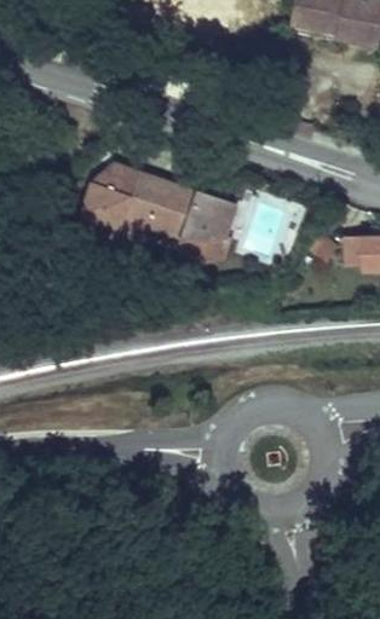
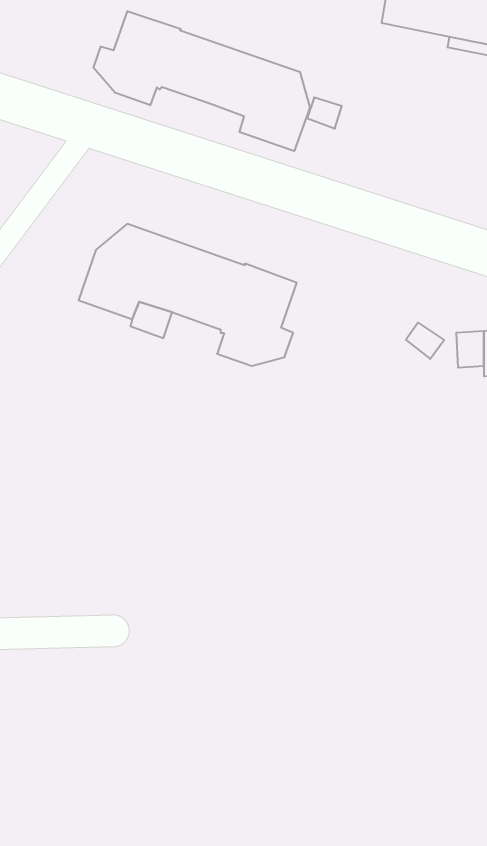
building: none -> [94,11,310,151]

